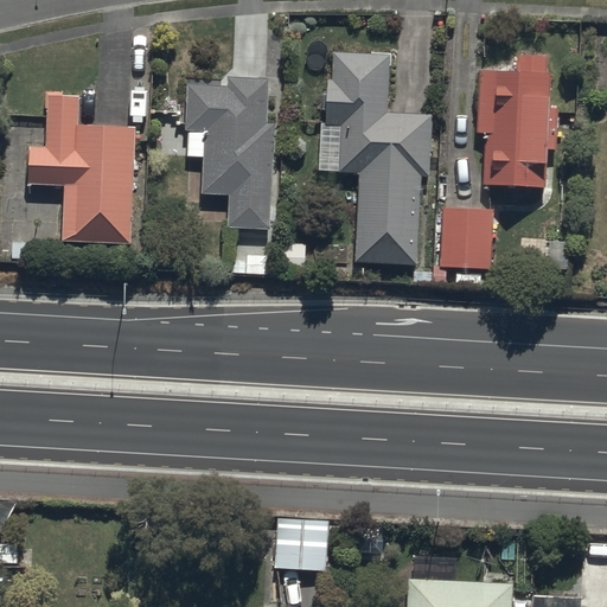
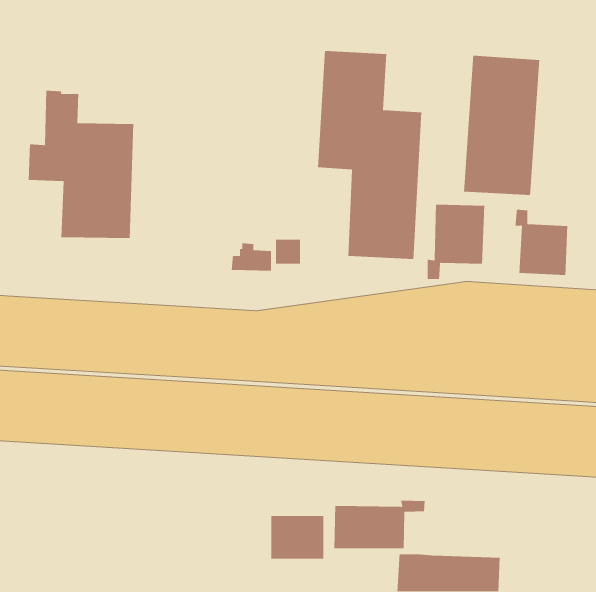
building: [186,77,276,232] -> none
building: none -> [515,209,568,276]
building: none -> [333,500,425,549]

